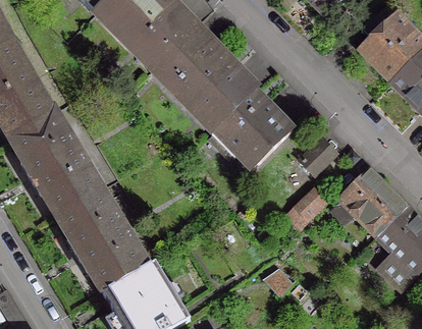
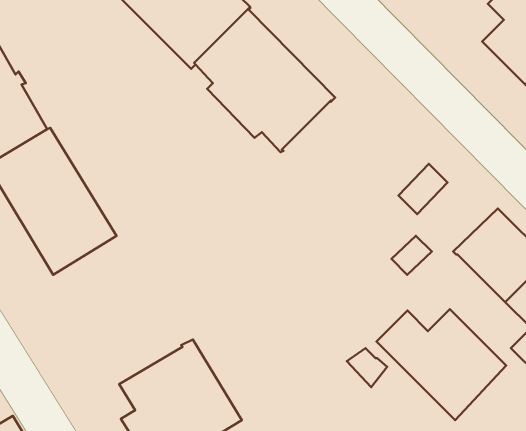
building: [218,92,291,167] -> none
building: [56,187,148,292] -> none
building: none -> [377,309,506,420]

